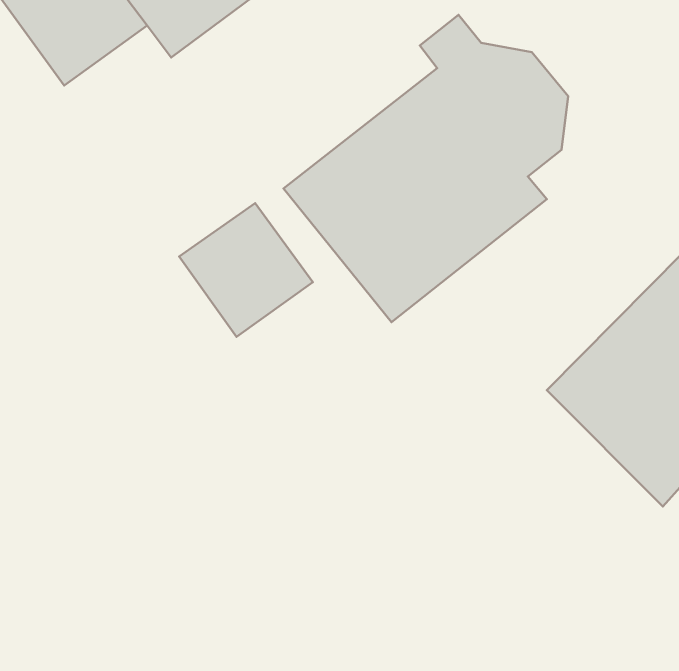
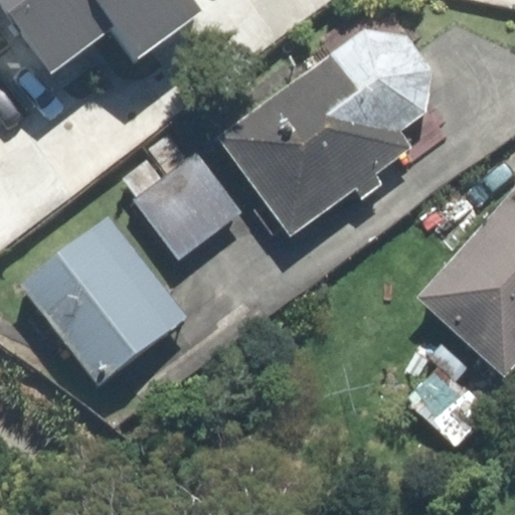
building: none -> [19,217,189,389]

